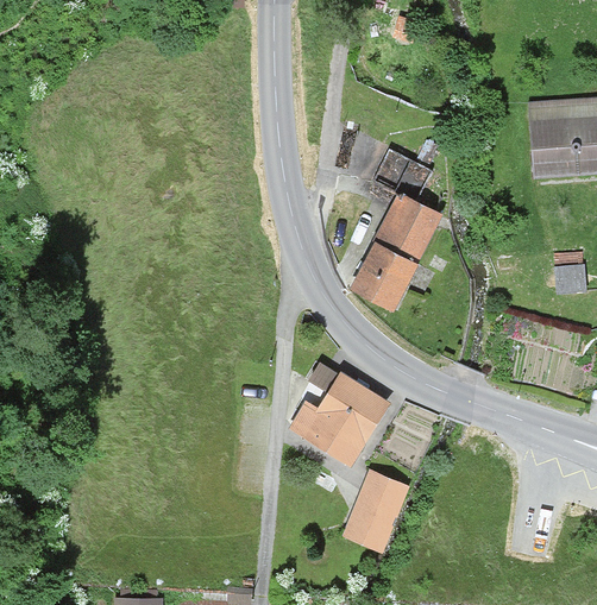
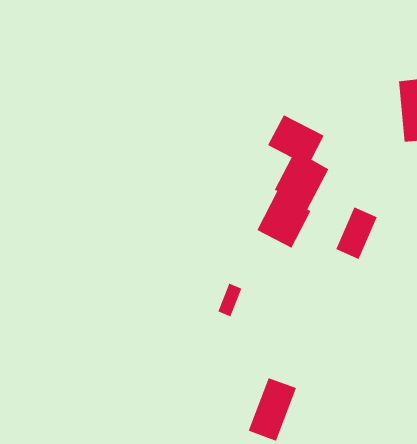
building: none -> [335,206,378,260]
building: [290,373,392,466] -> none

